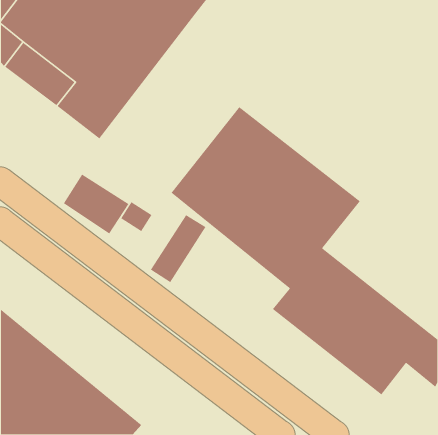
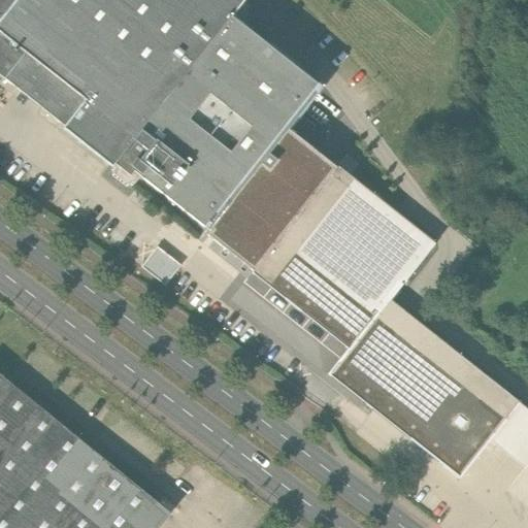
building: none -> [120,16,321,232]
building: [63,173,129,234] -> none
building: [150,214,206,283] -> none

